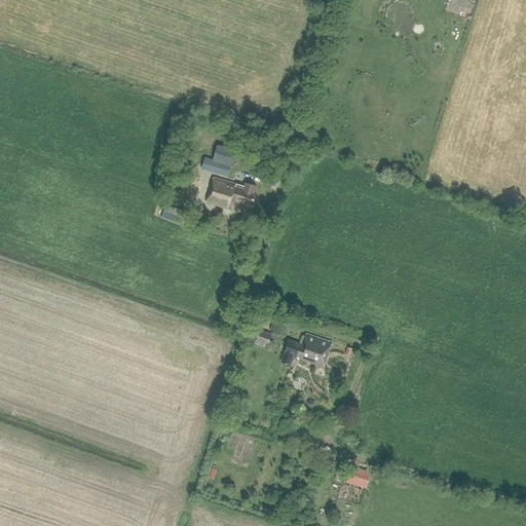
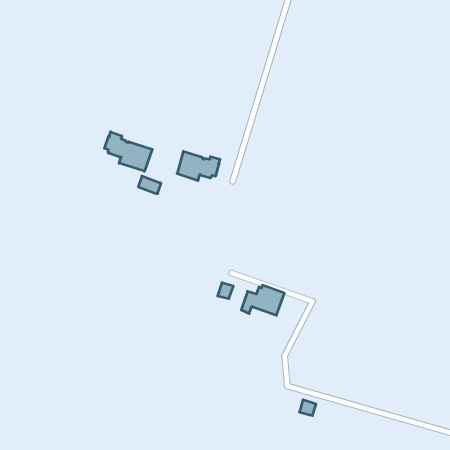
building: [201,147,234,177] -> none
building: none -> [104,132,152,171]

